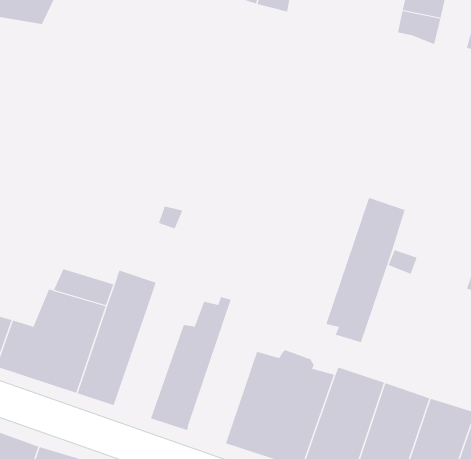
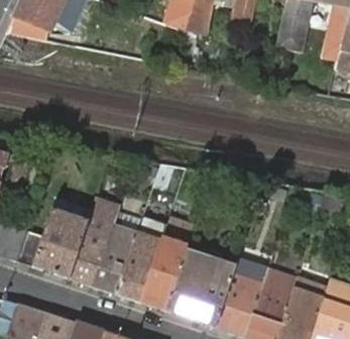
building: [326,197,405,343] -> [142,216,194,310]
building: none -> [94,215,142,294]

